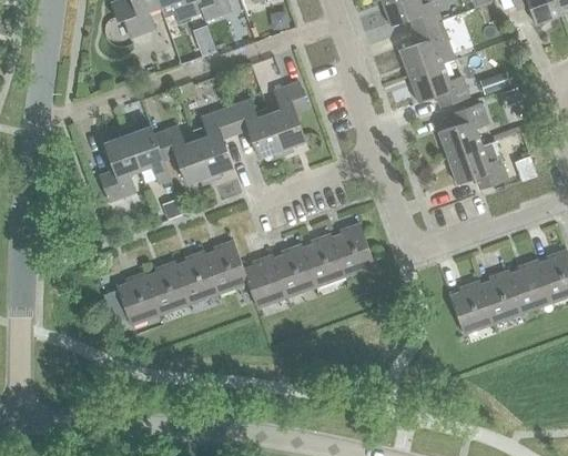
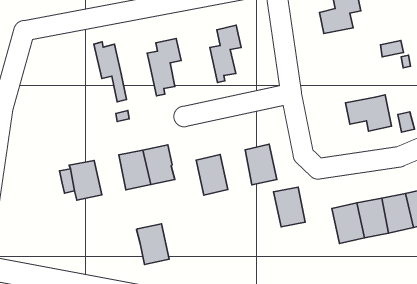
building: [408,64,469,108] -> none
building: [226,99,285,159] -> none
building: [438,103,488,159] -> none
building: [154,125,212,185] -> none
building: [99,129,141,203] -> none
building: [301,234,345,286] -> [273,187,305,227]
building: [242,255,287,308] -> [137,224,169,265]
building: [145,262,190,314] -> none

